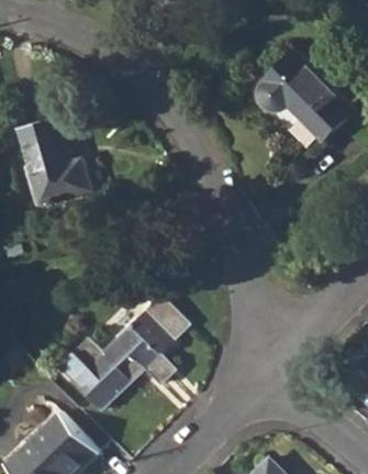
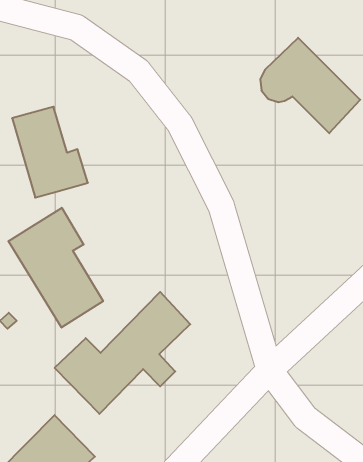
building: none -> [8,208,103,328]

